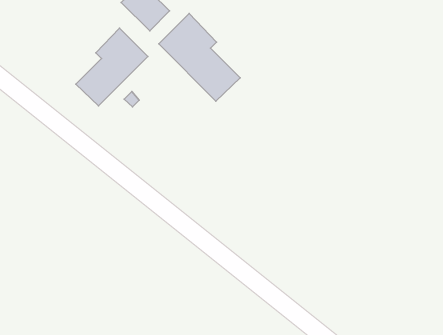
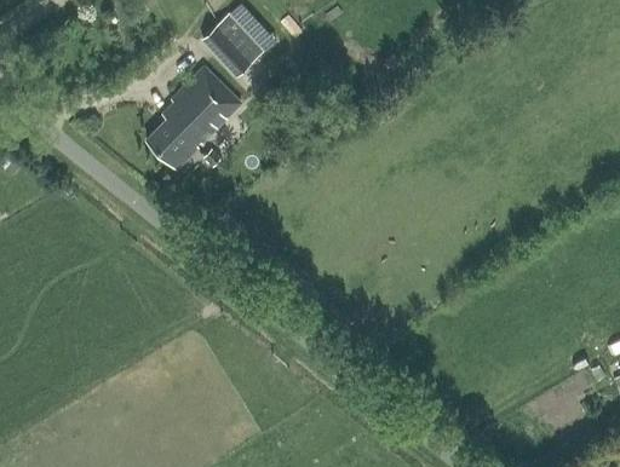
building: [159,14,240,101] -> none

